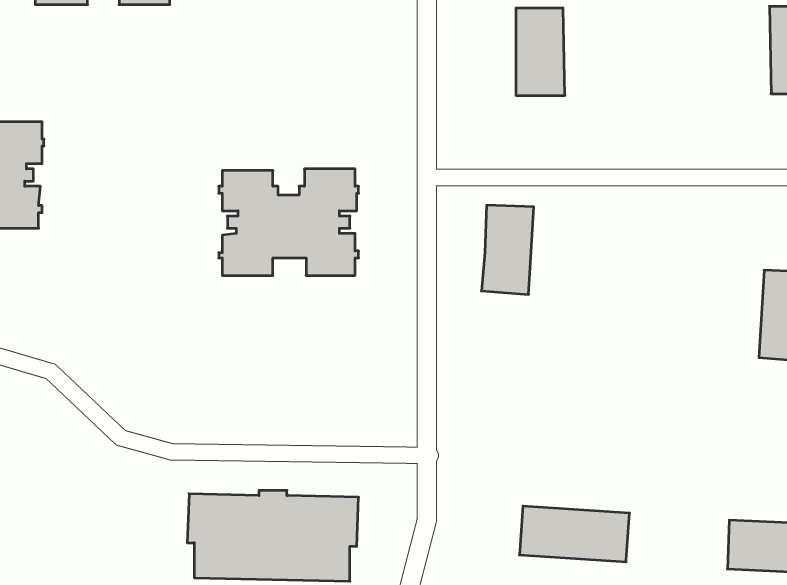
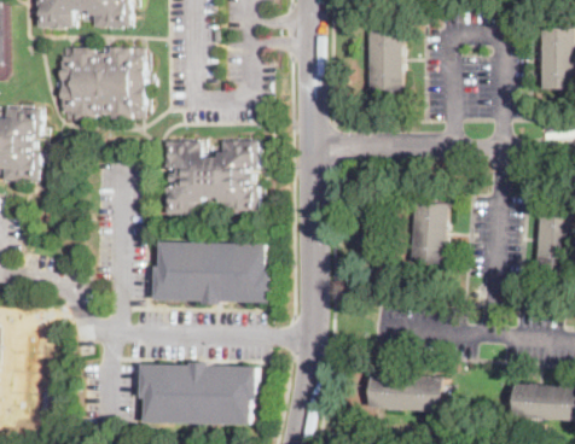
building: none -> [59,46,143,121]
building: [481,205,534,294] -> [410,201,446,263]
building: none -> [155,241,272,305]

